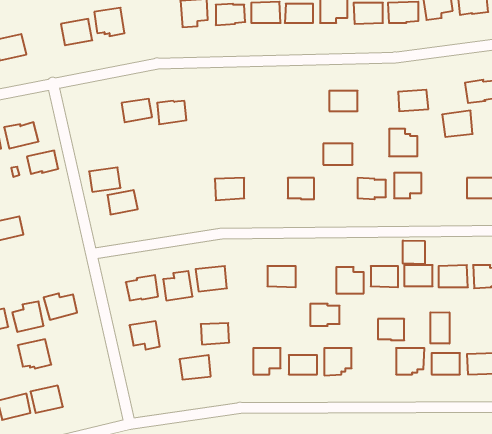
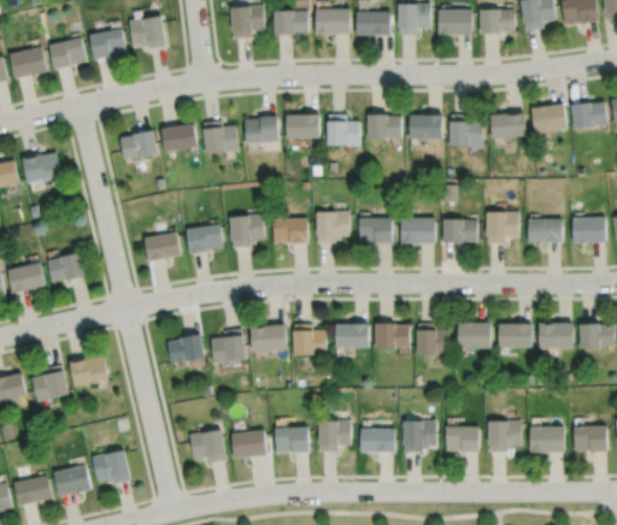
building: none -> [48,37,87,69]
building: none -> [287,112,319,138]
building: none -> [243,114,280,143]
building: none -> [327,114,360,146]
building: none -> [366,114,401,140]
building: none -> [121,130,158,159]
building: [442,111,473,137] -> [530,101,566,132]
building: [389,129,417,156] -> [449,113,483,146]
building: [323,144,353,165] -> [400,218,435,243]
building: [27,151,58,174] -> [47,254,84,282]
building: [89,167,121,192] -> [187,224,224,253]
building: none -> [316,210,349,242]
building: none -> [229,214,264,248]
building: none -> [528,219,563,242]
building: [403,240,425,264] -> none
building: none -> [294,324,327,355]
building: [310,304,340,326] -> [375,323,410,349]
building: [430,312,449,344] -> none
building: [378,319,404,340] -> [446,426,477,452]
building: [129,321,160,350] -> [189,430,225,464]
building: [201,323,229,344] -> [275,427,308,453]
building: [18,339,51,369] -> [92,449,131,484]

